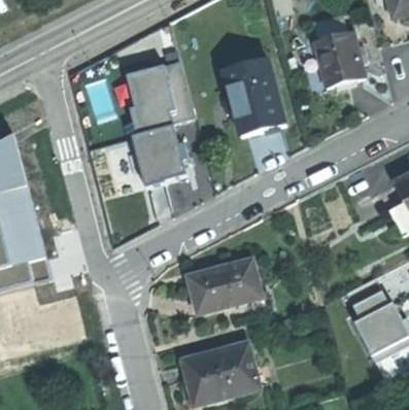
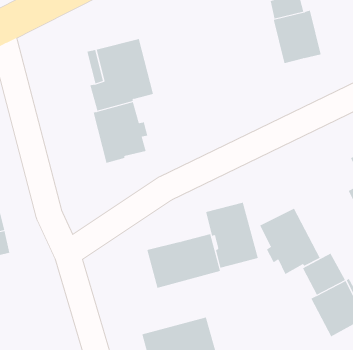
building: [223,58,282,131] -> none
building: none -> [206,202,259,269]
building: none -> [260,208,320,275]

